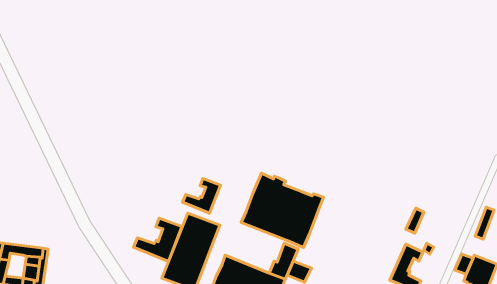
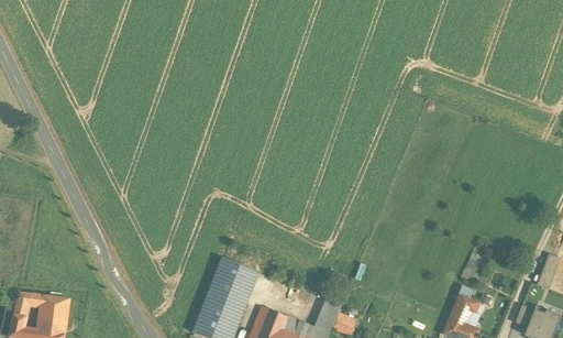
building: [241,173,323,248] -> none
building: [183,179,220,213] -> none
building: [133,218,182,261] -> none

